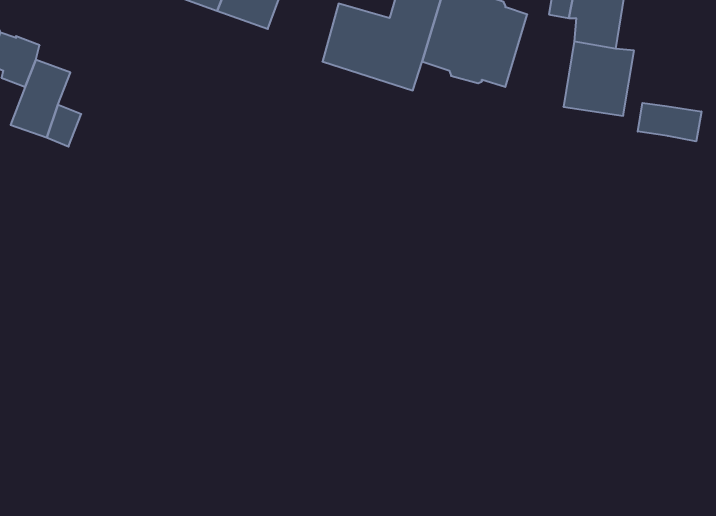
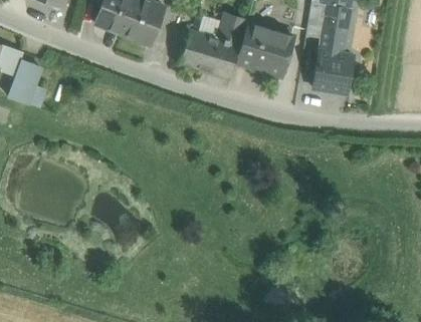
building: [638,103,701,141] -> none

